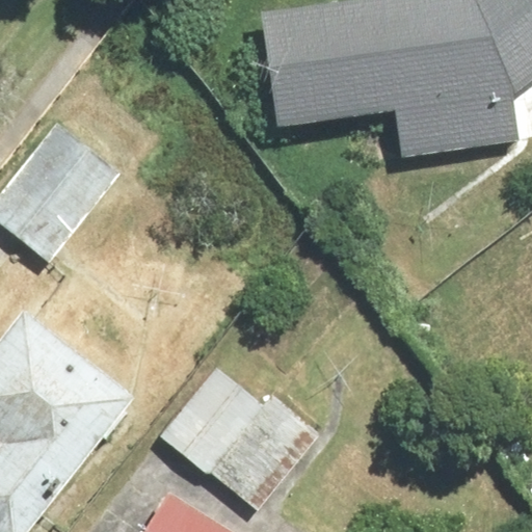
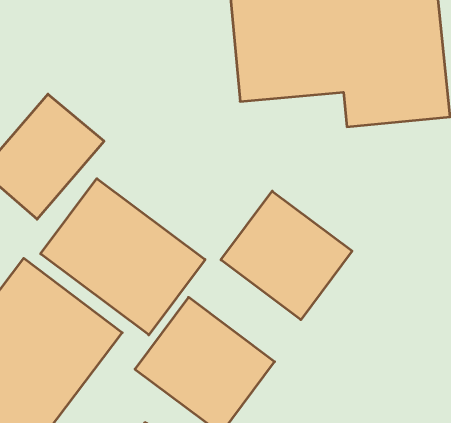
building: none -> [41,179,205,335]
building: none -> [221,191,352,320]

